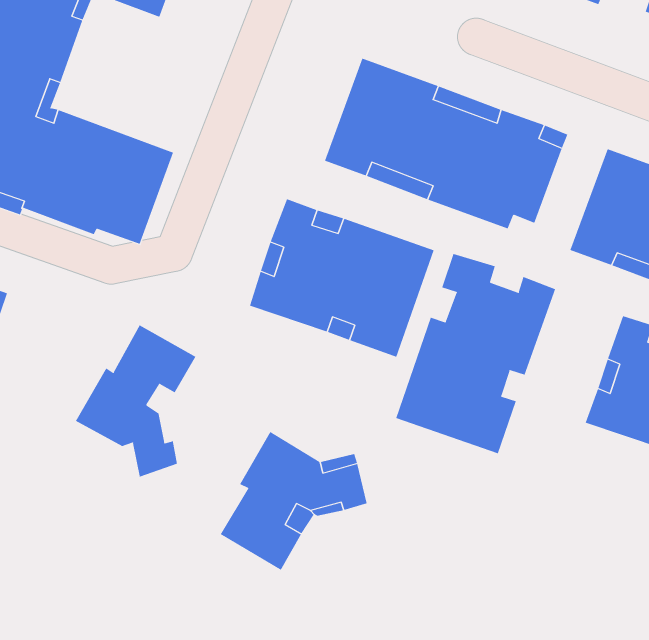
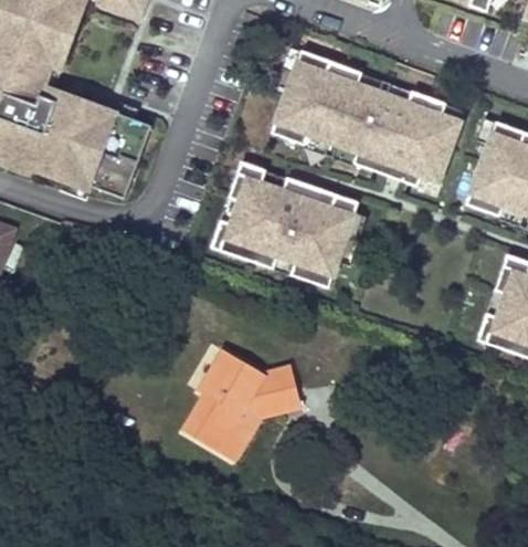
building: [395,253,556,454] -> none
building: [75,325,196,477] -> none

